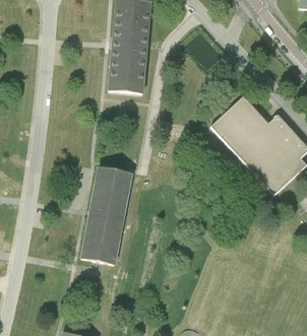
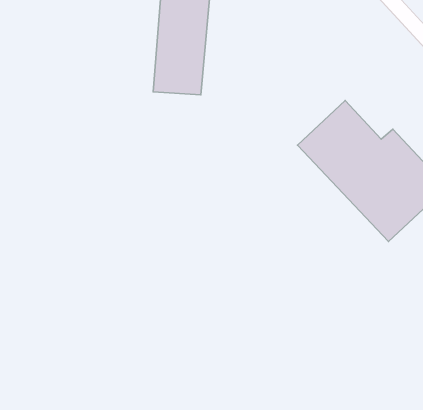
building: [81,166,132,264] -> none

